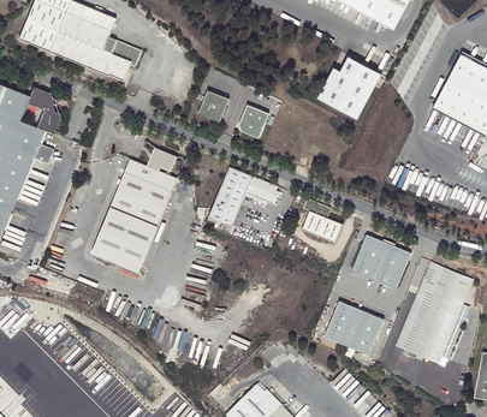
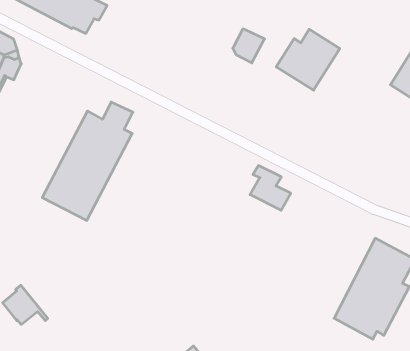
building: [200,89,231,121] -> none
building: [239,105,271,138] -> [233,29,265,63]
building: [208,166,279,226] -> none
building: [351,234,411,290] -> none
building: [323,300,384,355] -> none

